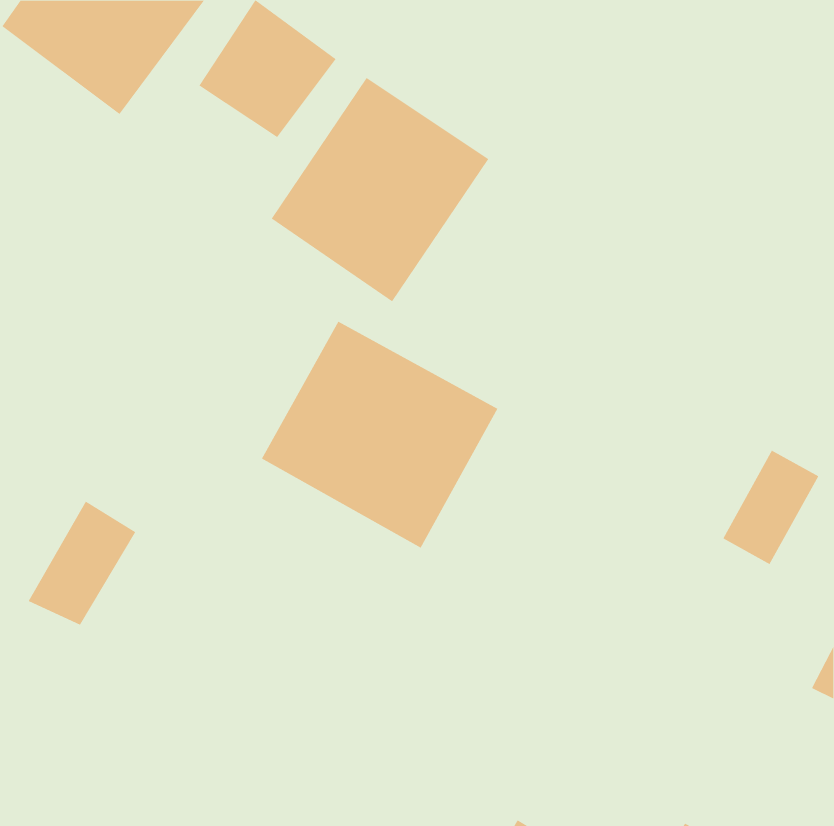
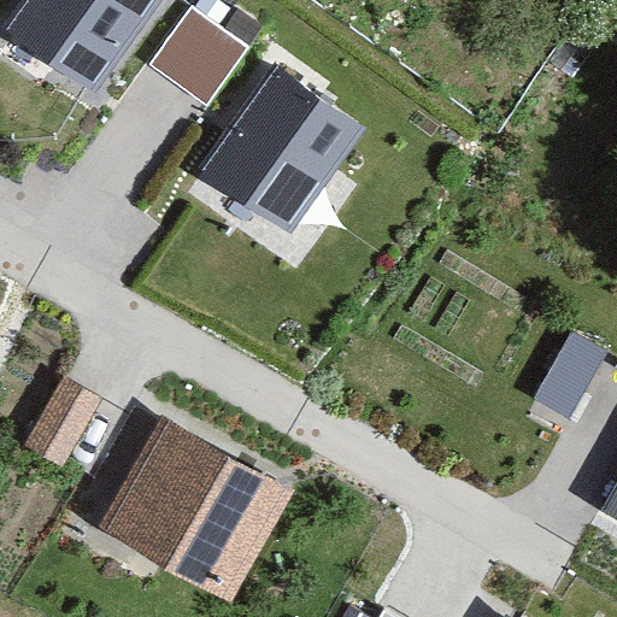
building: [261,321,498,548] -> none
building: none -> [98,412,293,599]

